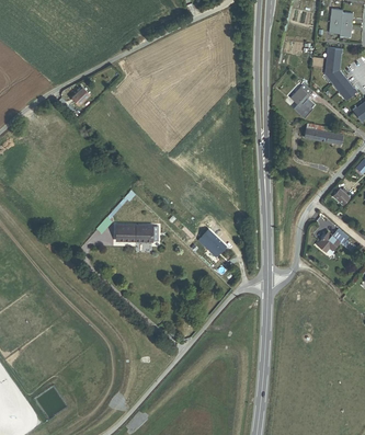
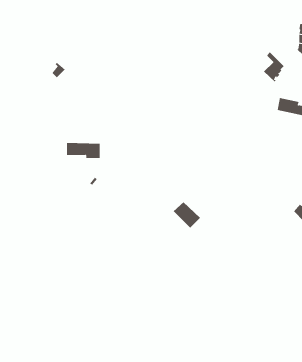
building: [118,224,153,240] -> [66,142,100,159]

